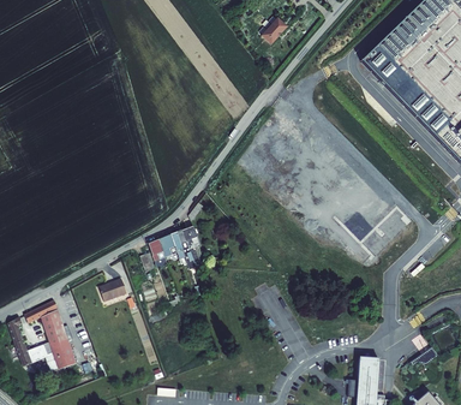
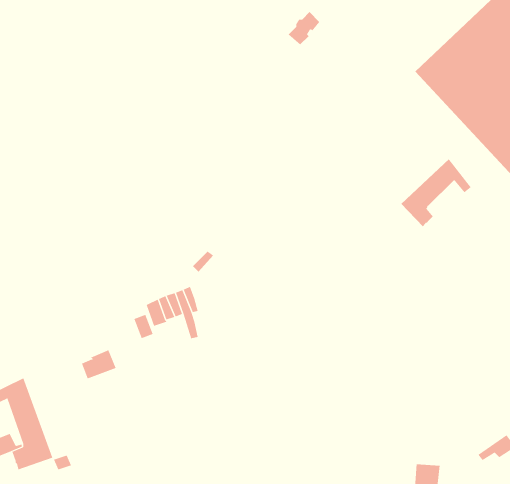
building: none -> [400,158,471,227]

